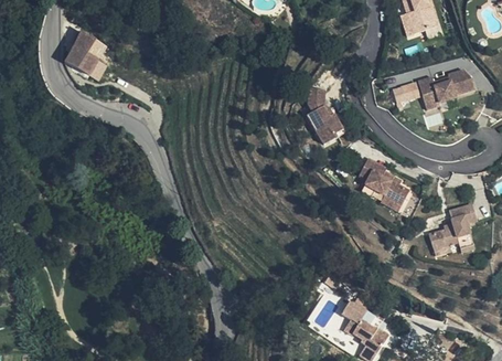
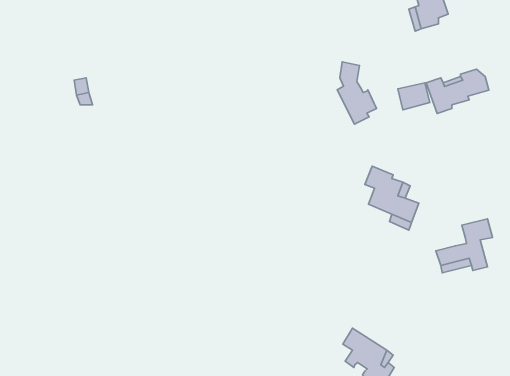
building: [64,32,96,76] -> none
building: [306,85,341,141] -> [337,62,377,124]

